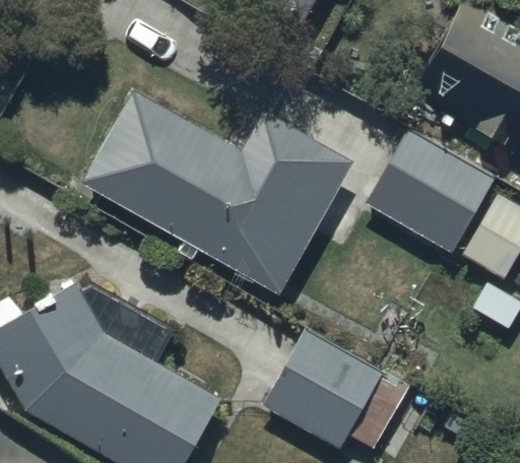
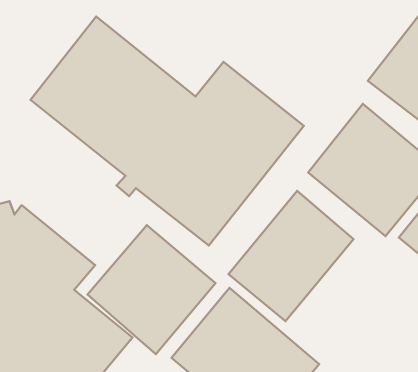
building: none -> [229,191,353,321]
building: none -> [88,225,216,354]

